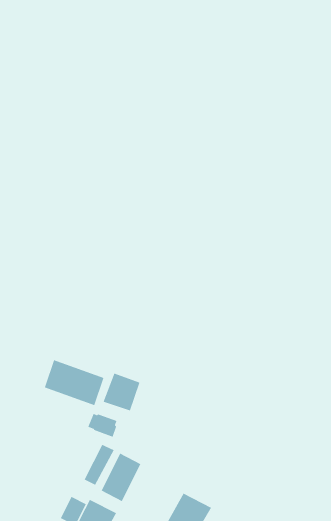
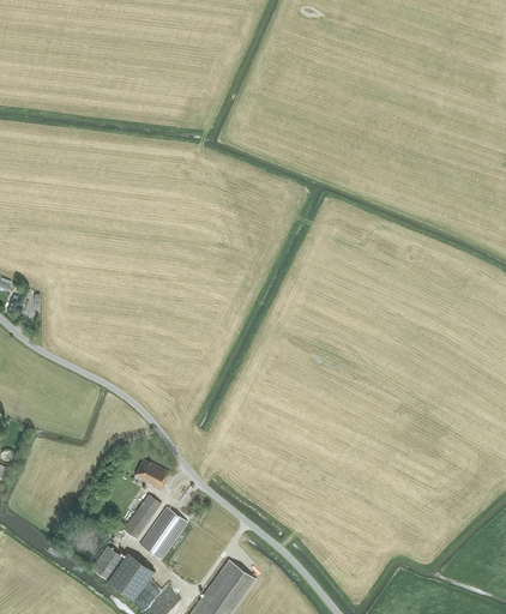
building: [44,359,104,406] -> none
building: [103,373,141,411] -> none

